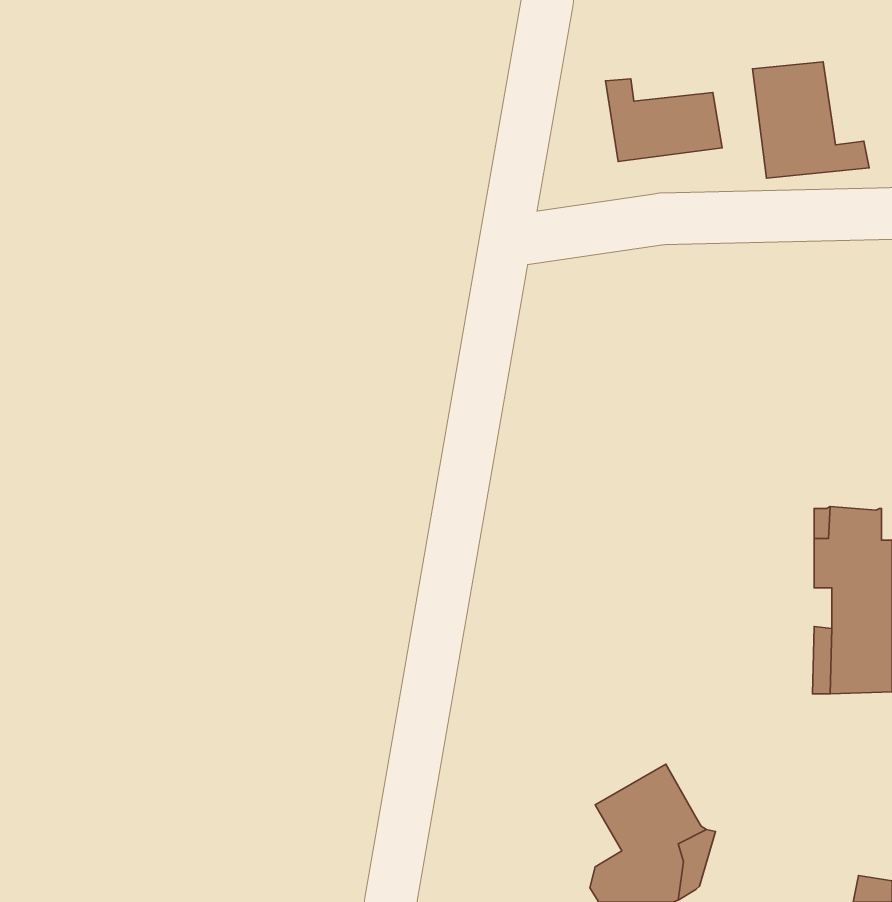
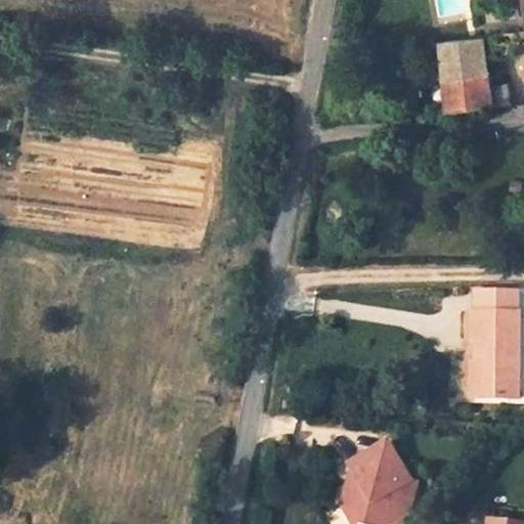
building: [605,79,722,161] -> none

